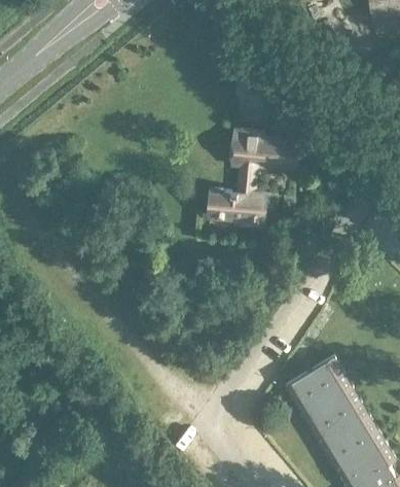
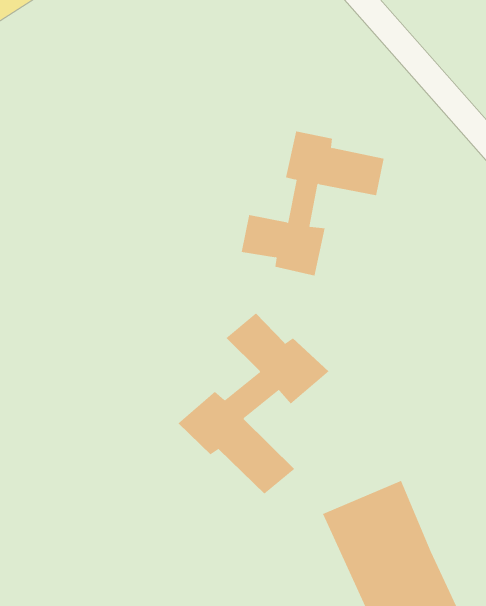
building: none -> [178,313,330,494]

